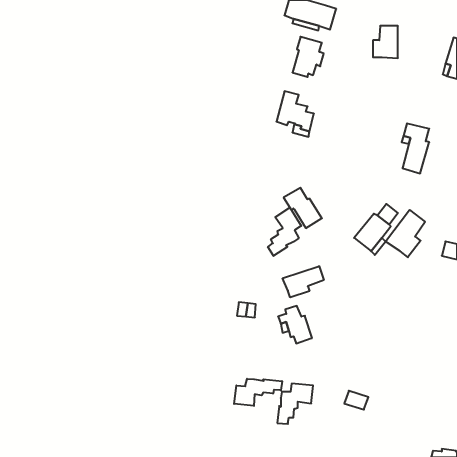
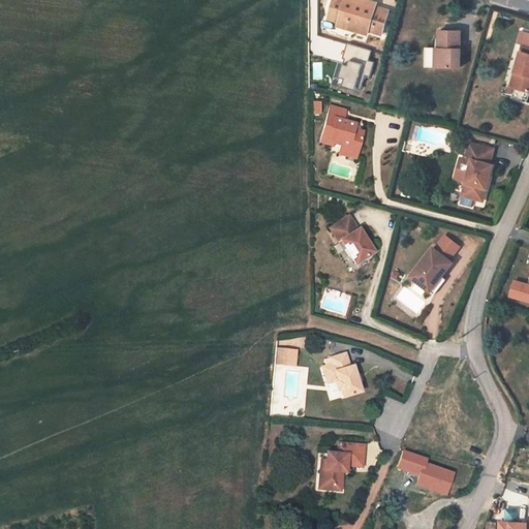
building: [268,208,301,256] -> none
building: [385,210,425,257] -> none
building: [283,266,324,297] -> none
building: [234,379,282,406] -> none
building: none -> [416,464,453,494]

